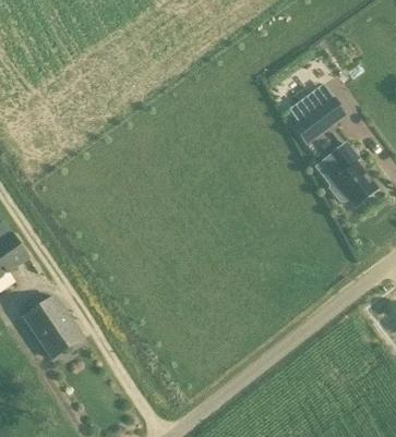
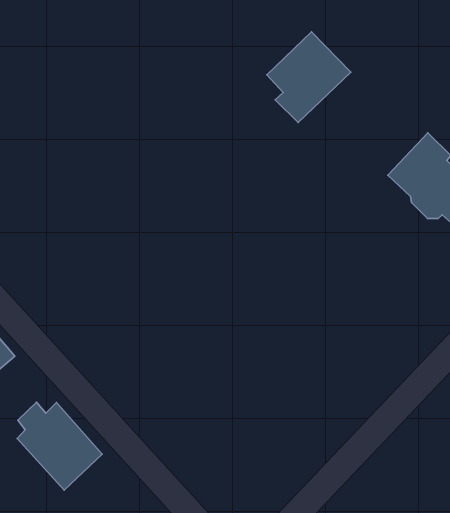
building: [288,83,348,146] -> [267,32,351,123]

